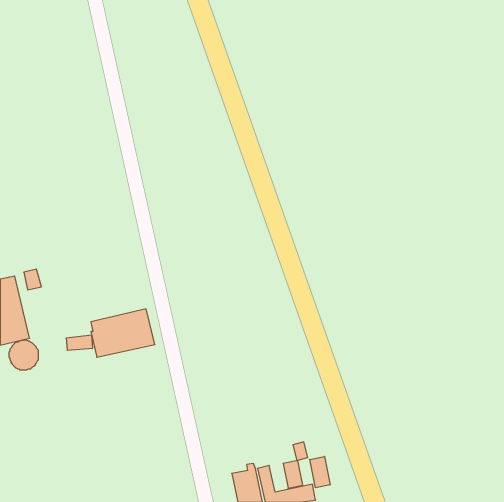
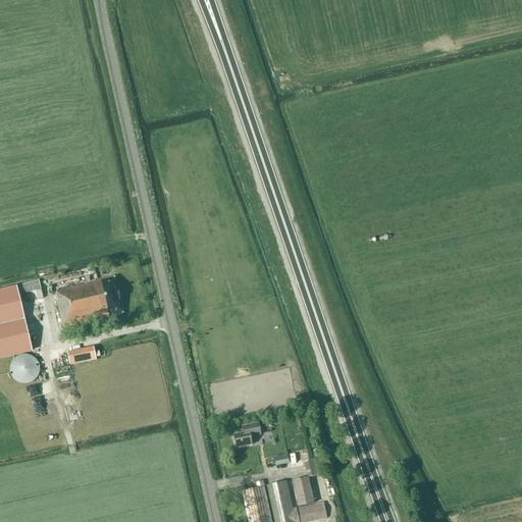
building: [91,309,155,357] -> [56,275,122,325]
building: none -> [232,421,260,446]
building: [310,456,330,488] -> none

